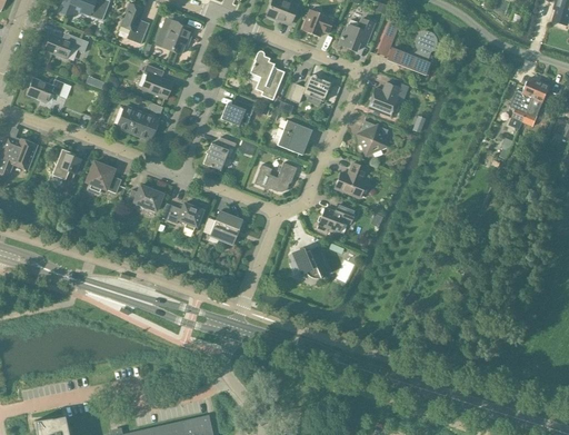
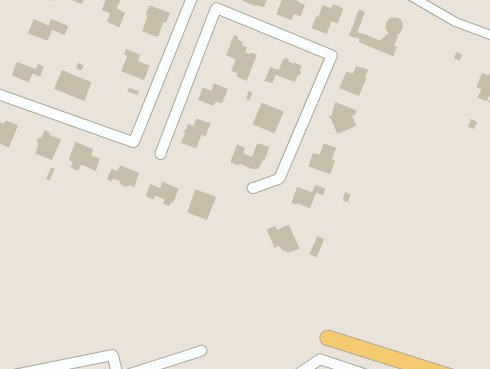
building: [117,106,158,140] -> [53,69,93,102]

